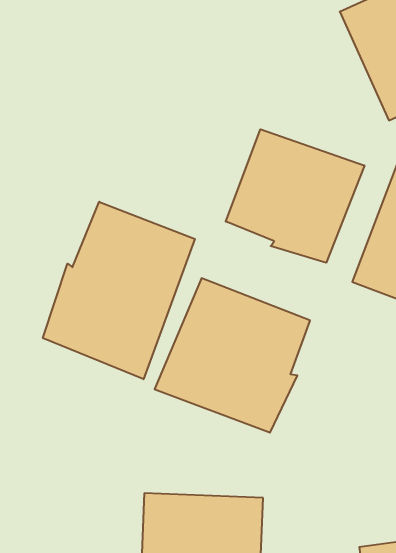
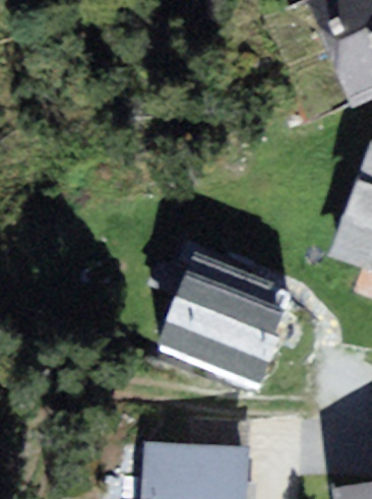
building: [226,129,364,263] -> none
building: [43,202,195,379] -> none

